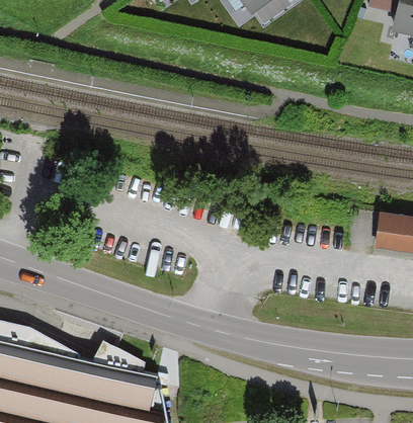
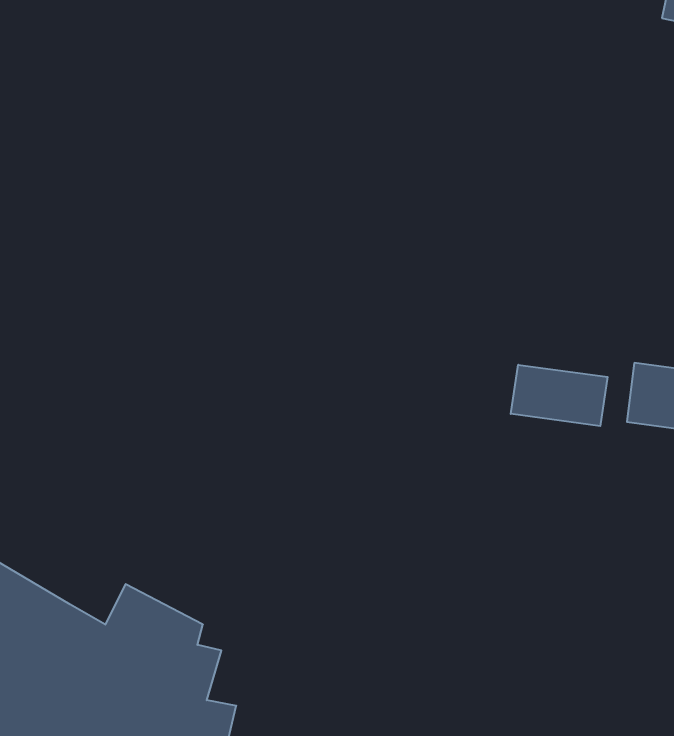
building: none -> [511,365,608,426]

